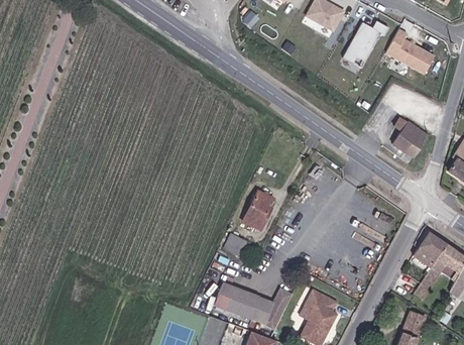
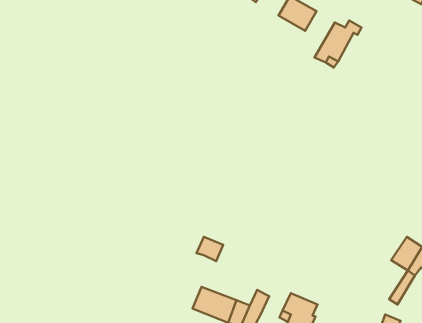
building: [380,30,430,76] -> none
building: [393,114,428,154] -> none
building: [244,192,270,229] -> none

